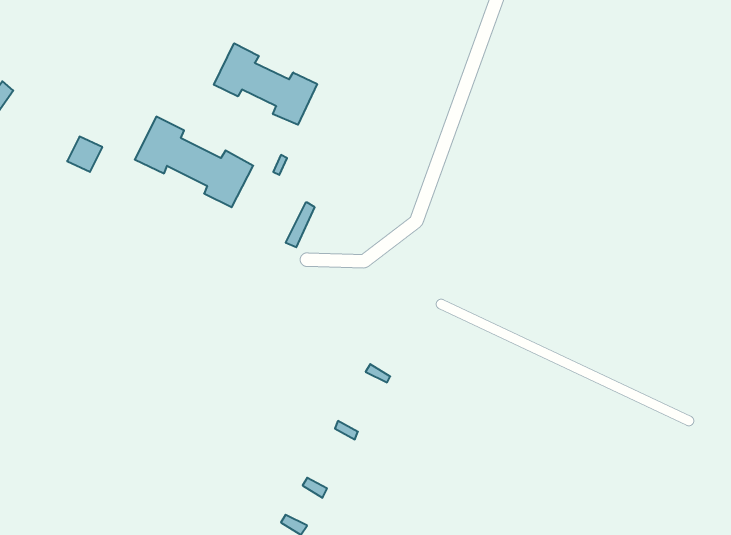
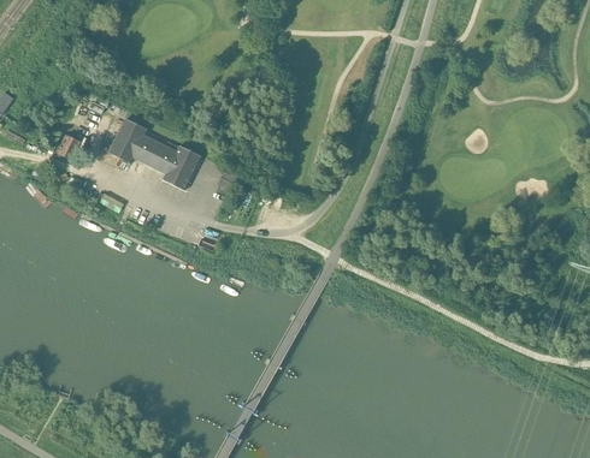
building: [214,43,317,125] -> none

